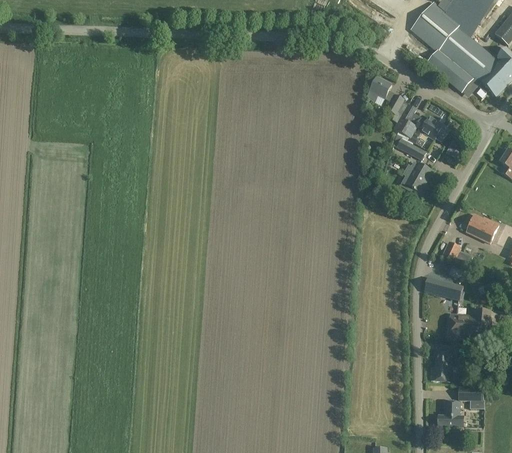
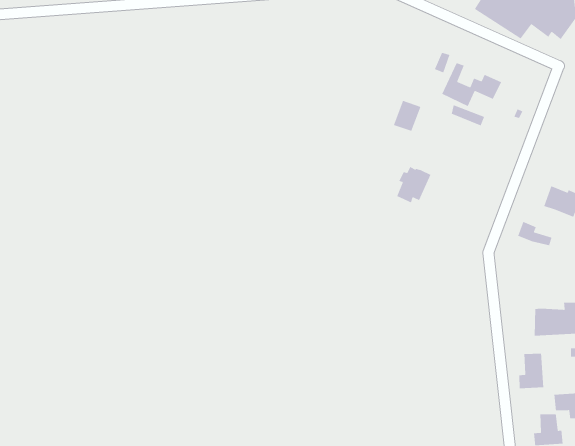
building: [367,76,392,103] -> [393,100,421,132]
building: [401,161,432,192] -> [396,166,431,203]
building: [424,276,463,300] -> none

